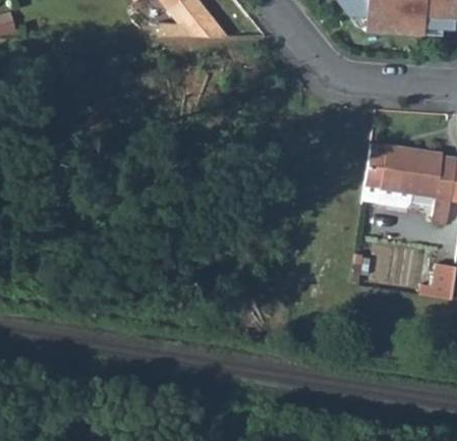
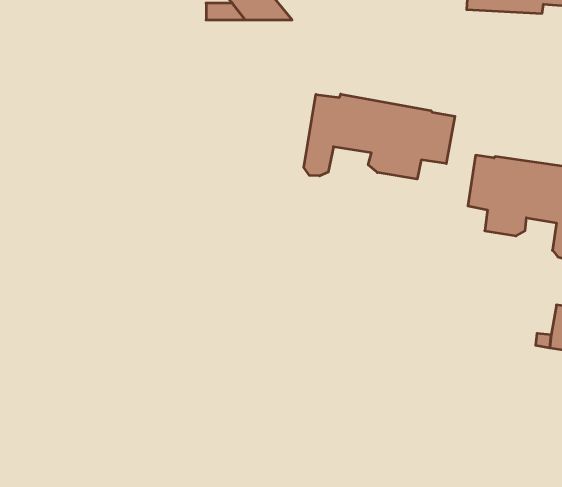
building: none -> [304,94,455,179]

